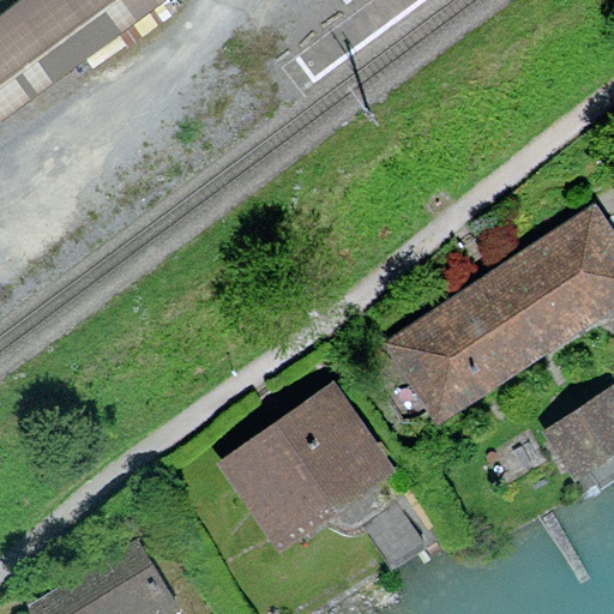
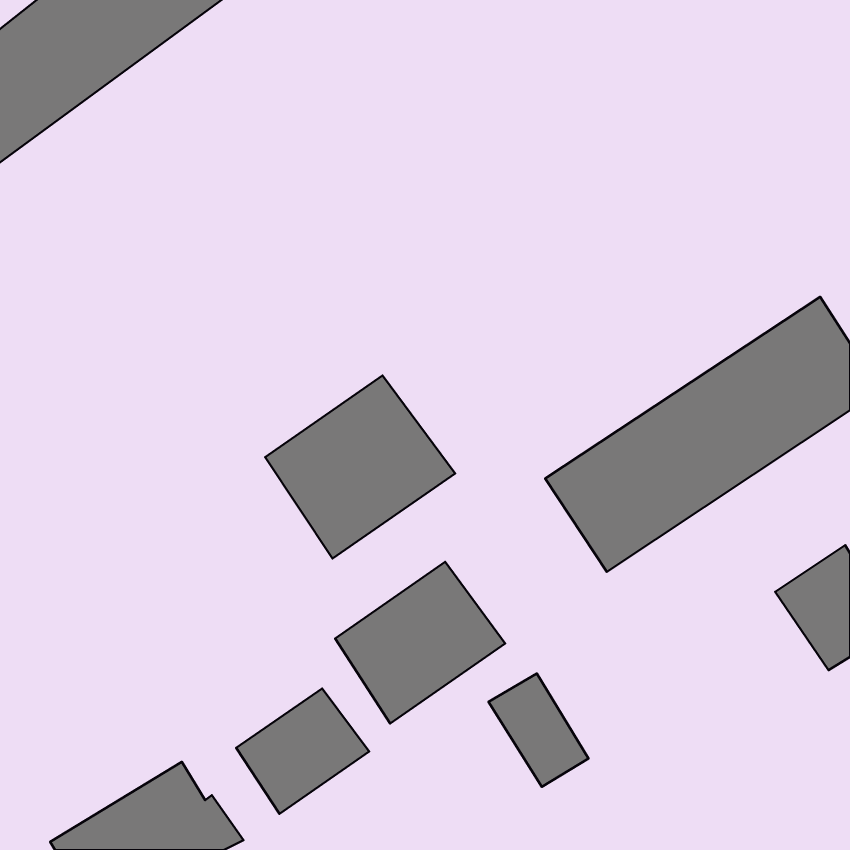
building: none -> [265,376,455,559]
building: none -> [236,688,369,814]

